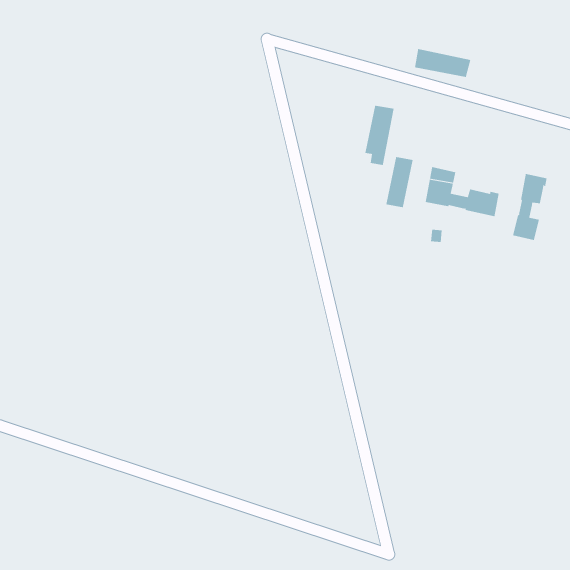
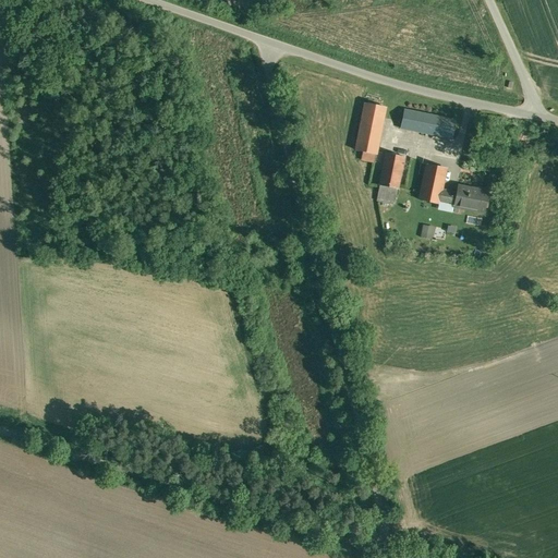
building: [414,49,471,78] -> [401,109,457,137]
building: [513,173,547,241] -> none

